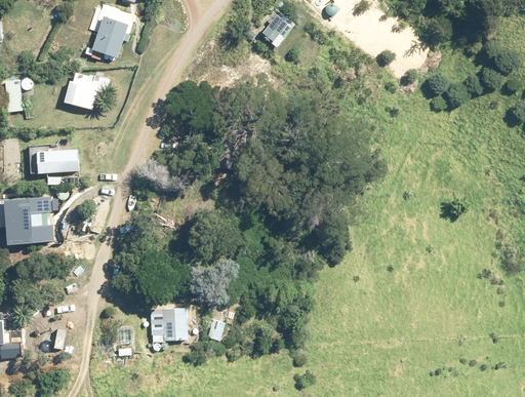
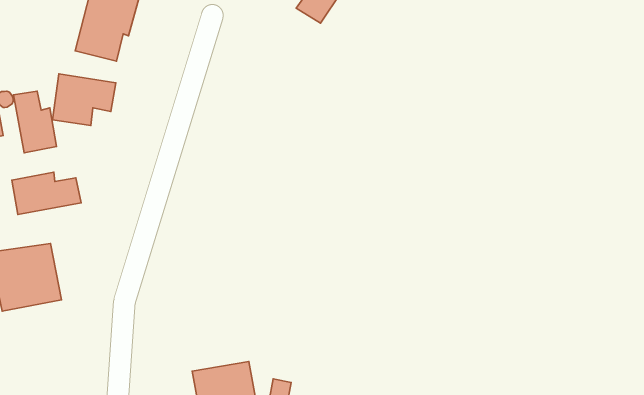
building: none -> [13,91,57,153]

